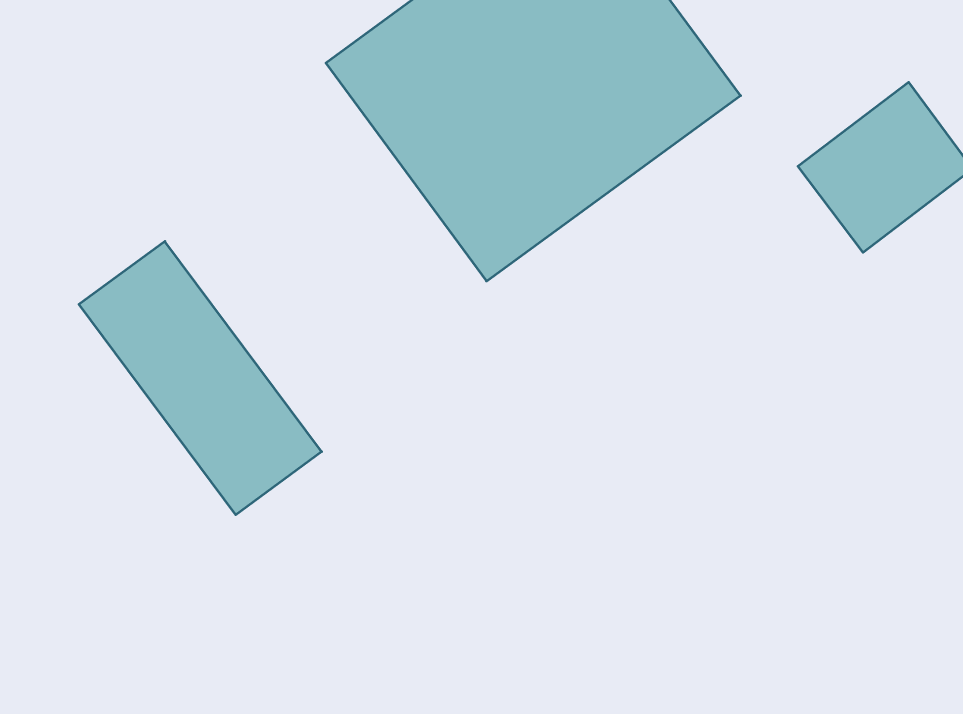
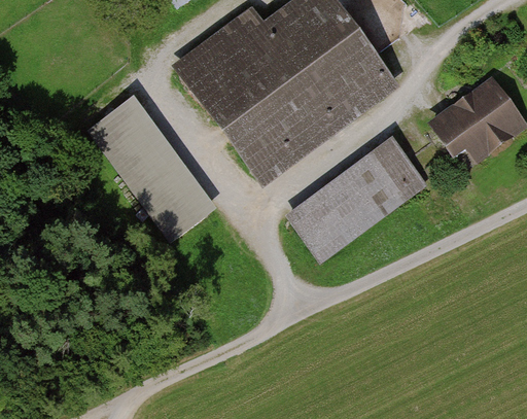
building: none -> [284,137,424,261]
building: [79,241,322,515] -> [90,97,220,244]

